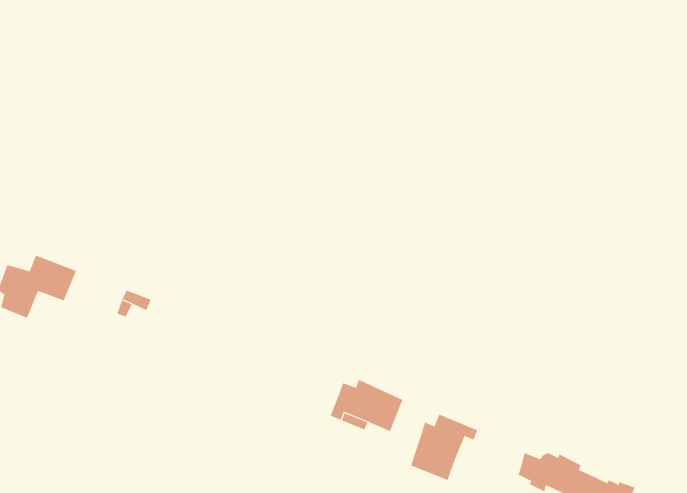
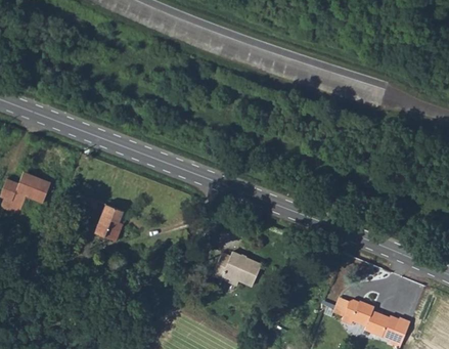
building: none -> [96,205,126,239]
building: [411,414,478,481] -> none

